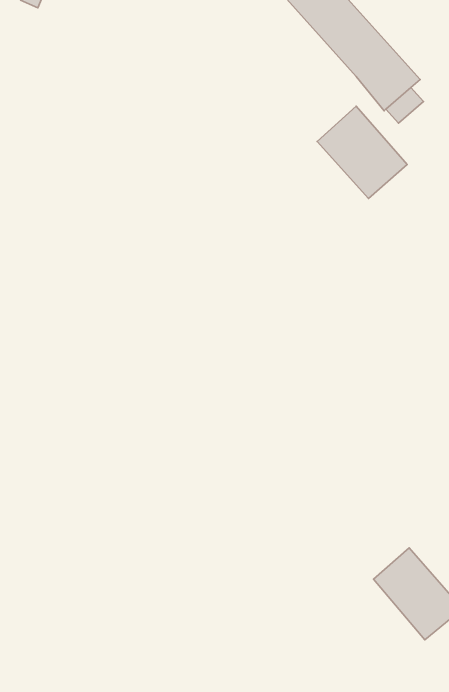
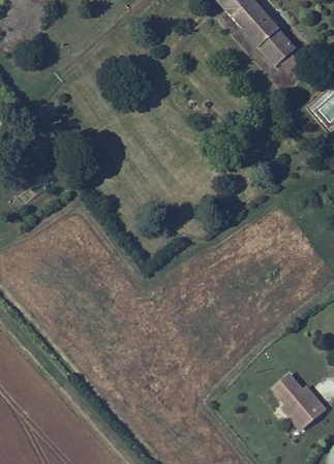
building: [317,106,407,198] -> none

